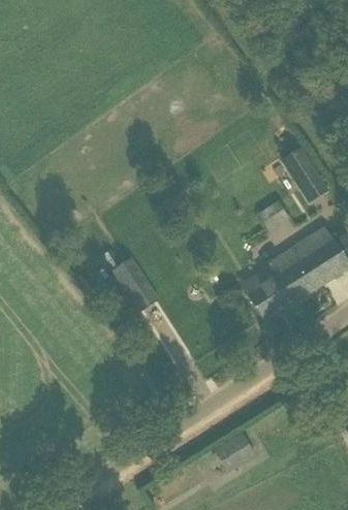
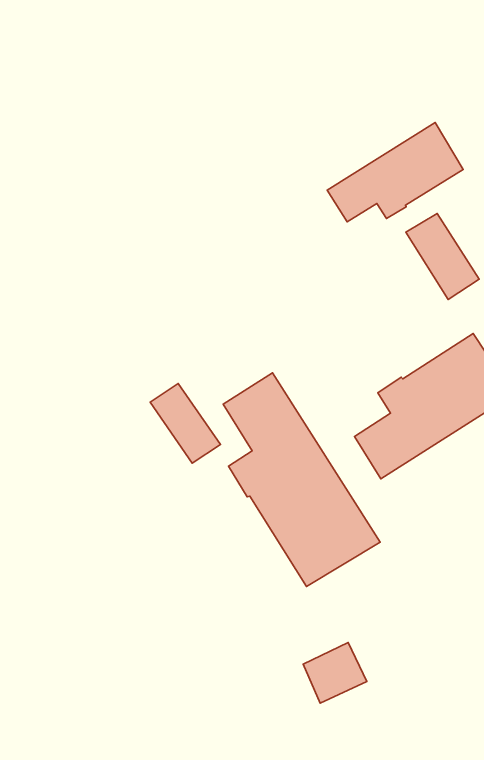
building: none -> [327,122,463,222]
building: none -> [223,373,380,586]

